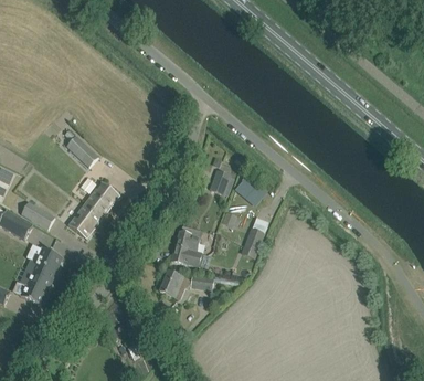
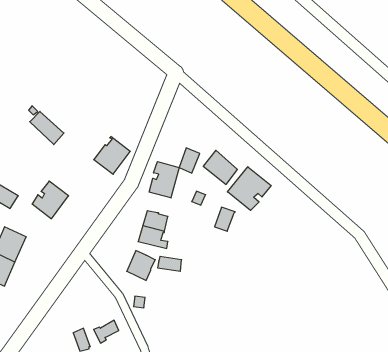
building: [85,180,120,216] -> [94,137,130,174]
building: none -> [149,162,179,198]
building: none -> [227,167,271,210]

